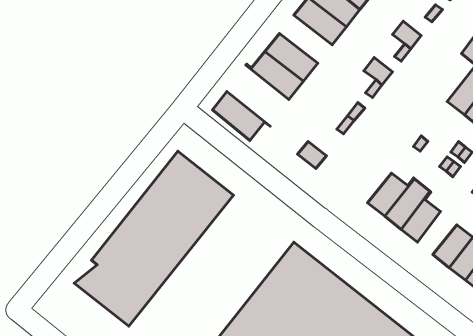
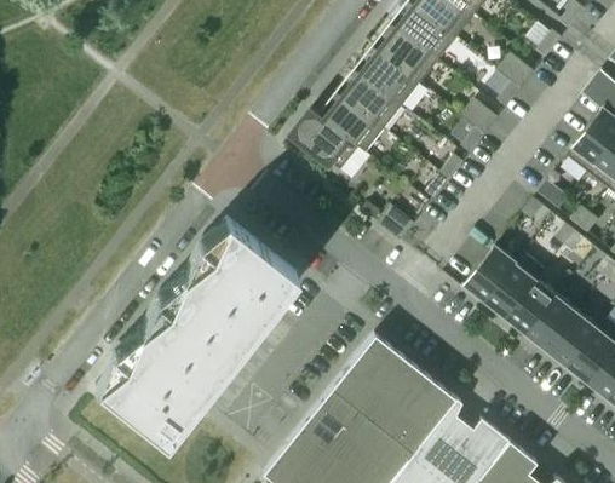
building: none -> [355,50,421,110]
building: [213,92,270,140] -> [294,113,367,174]
building: none -> [529,298,579,352]

